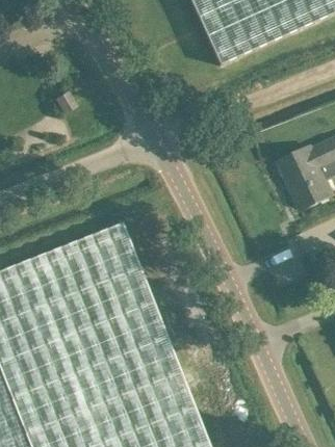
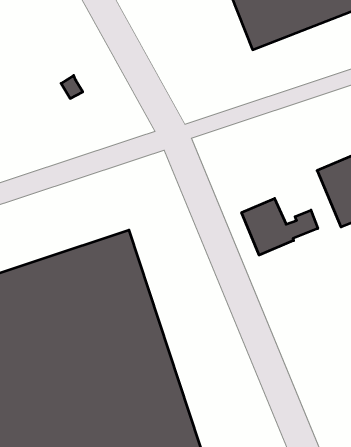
building: none -> [242,198,318,255]

